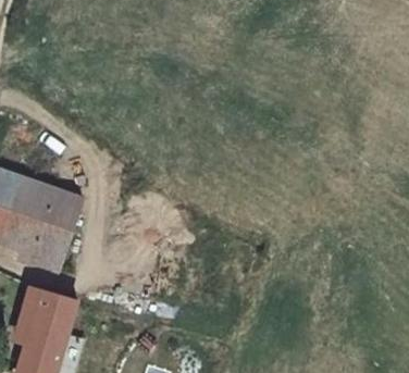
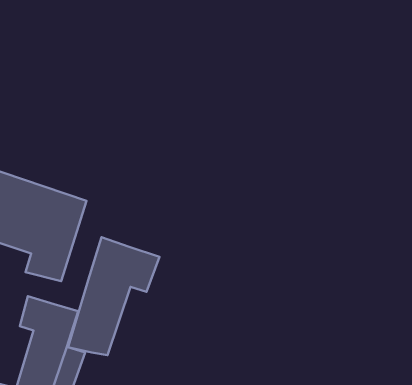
building: none -> [68,237,159,355]

